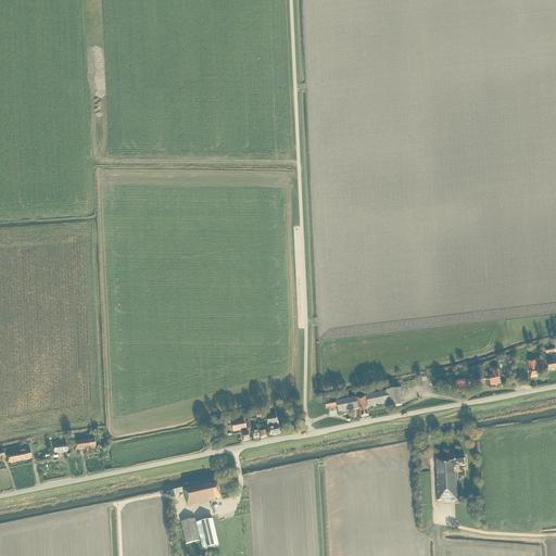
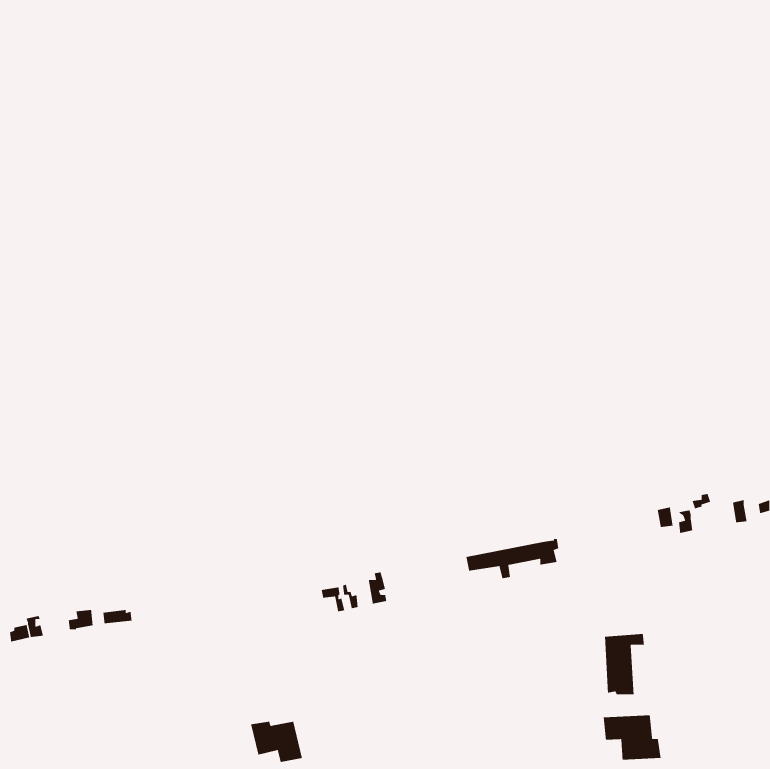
building: [182,483,220,506] -> none
building: none -> [603,714,662,761]

